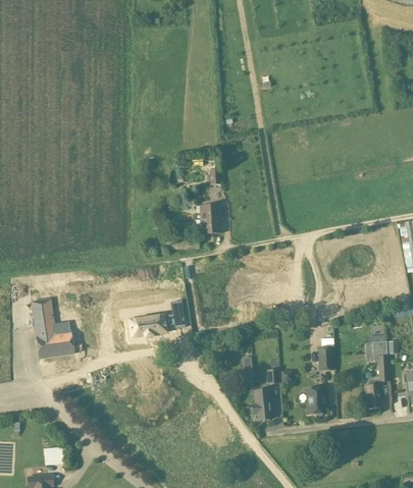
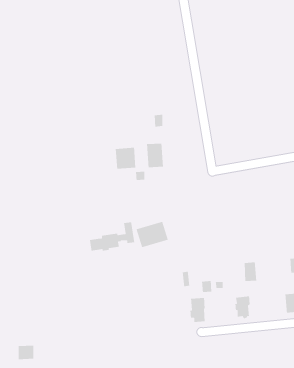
building: none -> [115,147,136,170]
building: none -> [136,221,169,248]
building: [33,297,75,359] -> none

